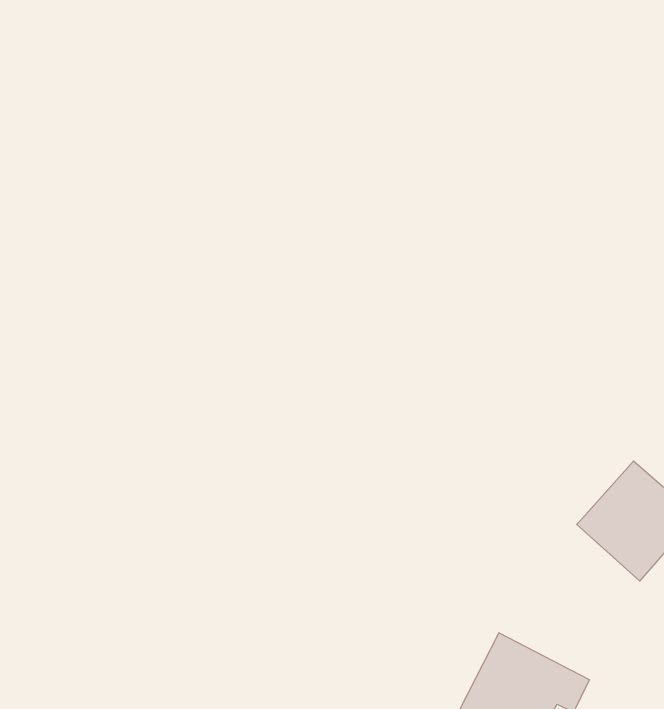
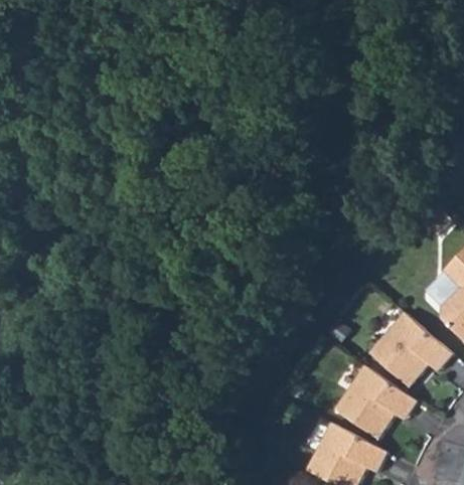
building: none -> [331,364,414,439]

